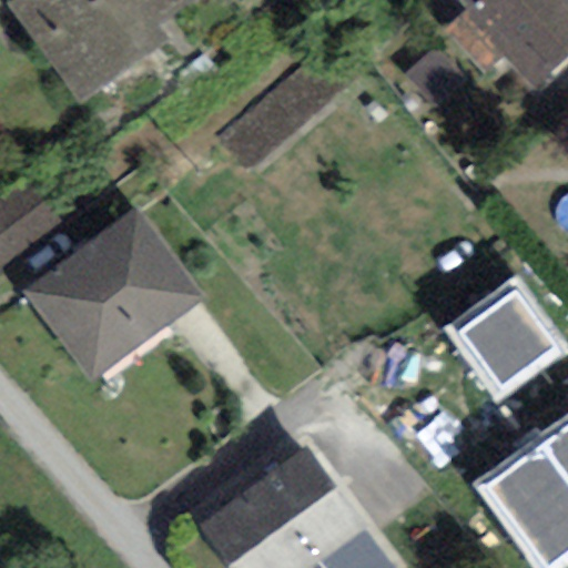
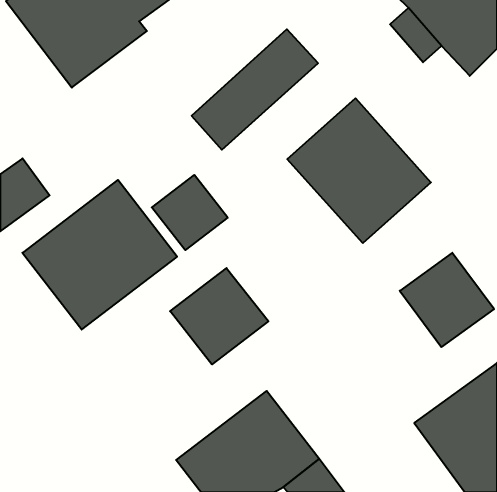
building: none -> [287,98,431,243]
building: none -> [152,175,228,250]
building: none -> [170,268,268,364]

